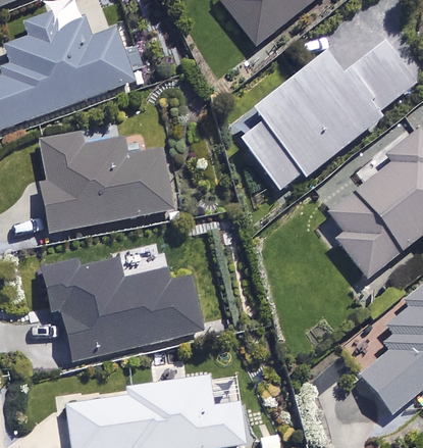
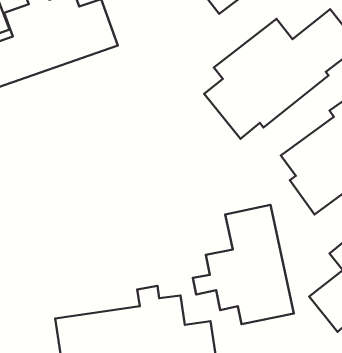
building: [39,134,174,233] -> none
building: [41,255,204,360] -> none
building: none -> [193,205,294,324]

